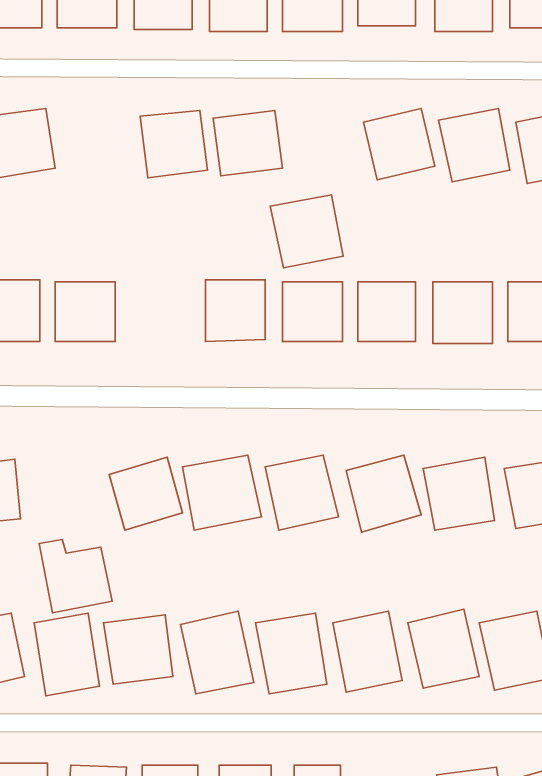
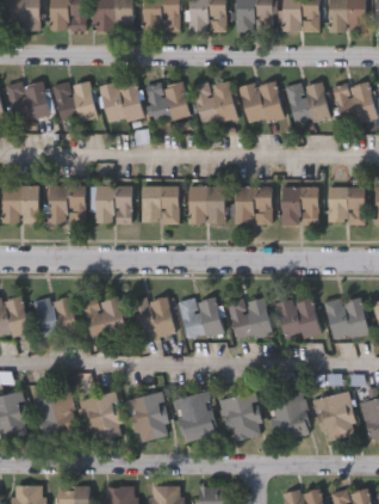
building: none -> [51,78,97,124]
building: [270,195,343,268] -> [191,78,236,123]
building: none -> [91,185,131,223]
building: [39,540,112,613] -> [32,293,77,338]

